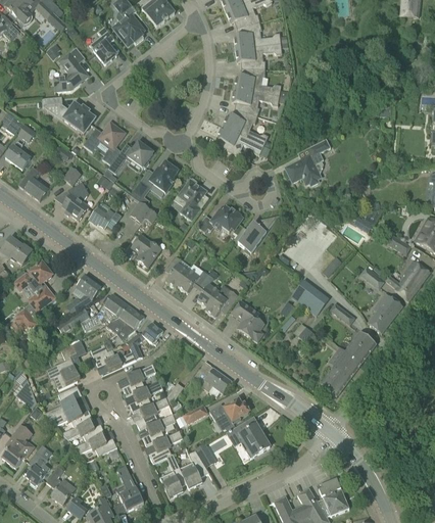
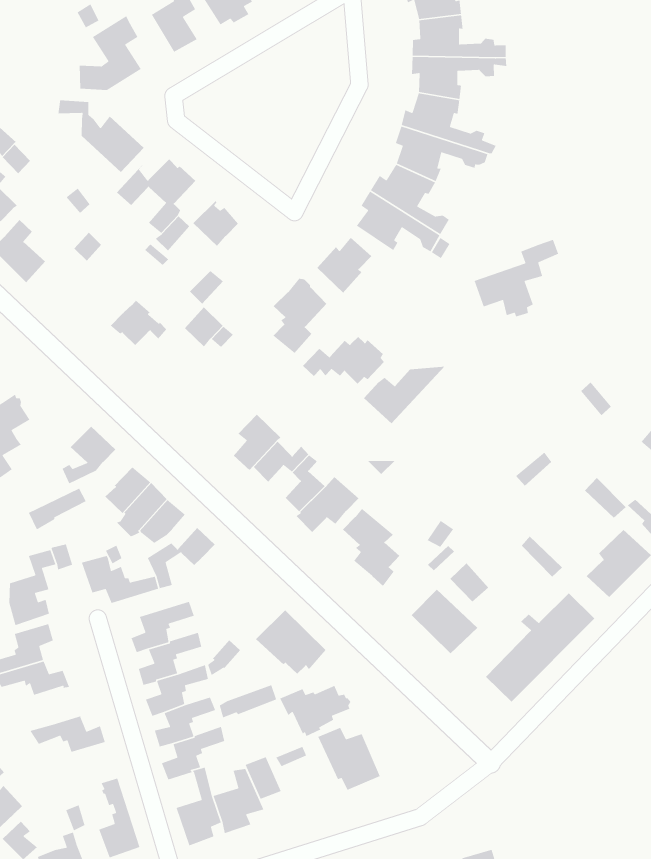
building: [148,160,178,192] -> [317,237,372,293]
building: [61,181,89,220] -> none
building: [131,235,159,267] -> none
building: [291,280,329,315] -> [411,589,478,654]
building: [62,419,104,440] -> none

